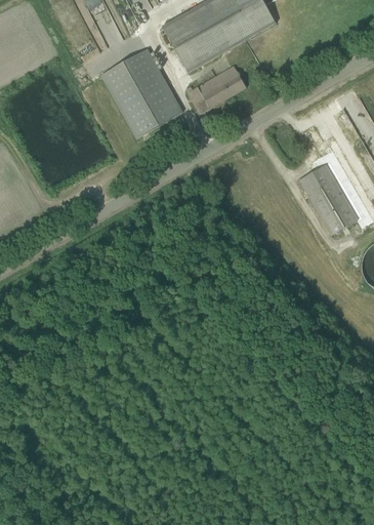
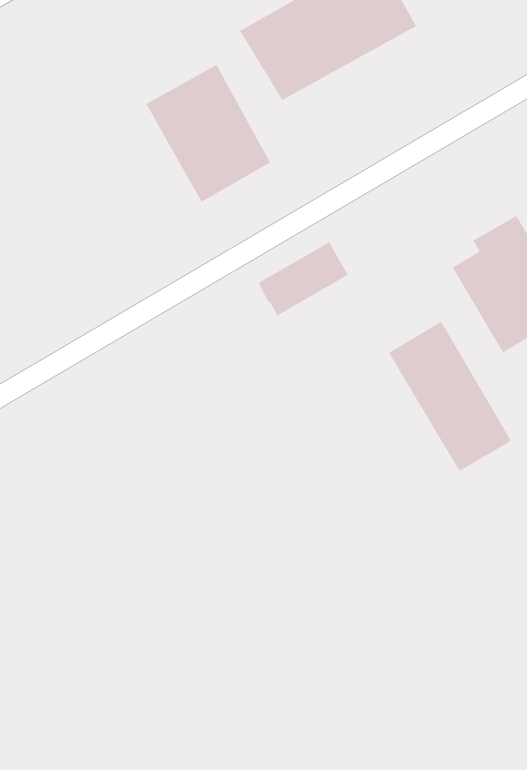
building: [188,66,246,114] -> [258,242,348,316]
building: none -> [388,321,512,472]

